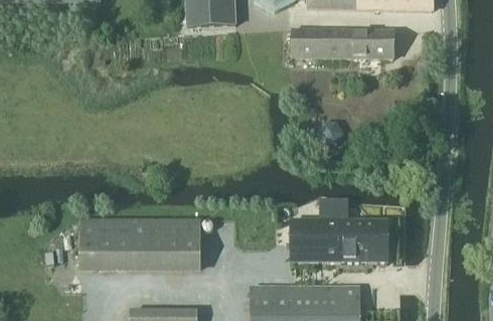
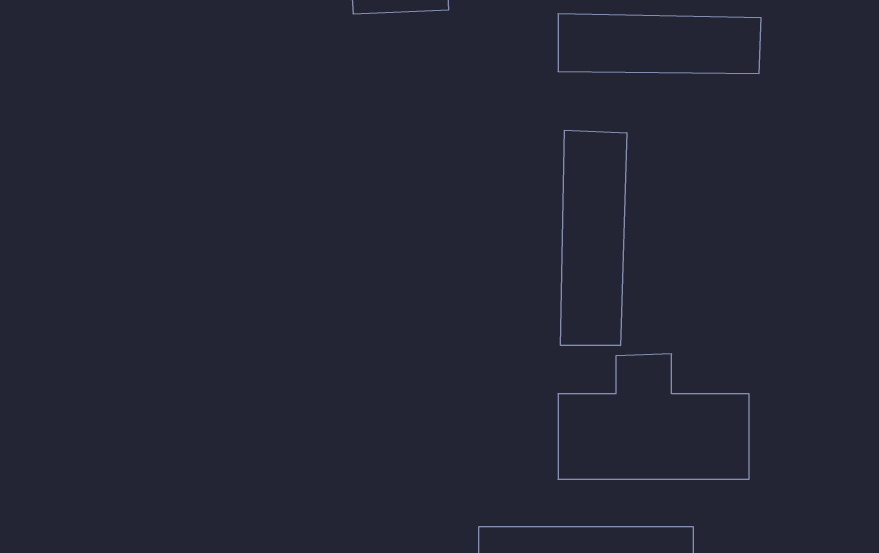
building: none -> [560,130,627,346]
building: [79,219,200,268] -> none

